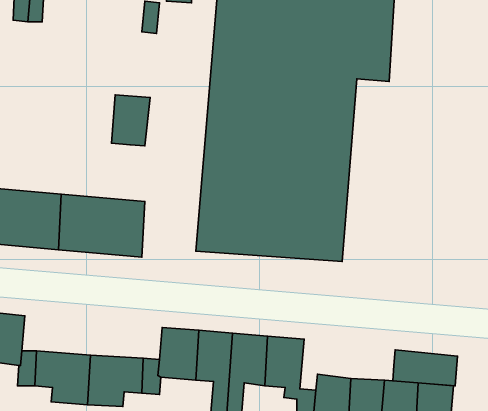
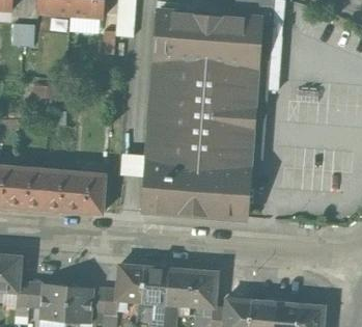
building: [111,95,150,146] -> none
building: [393,350,457,386] -> none

